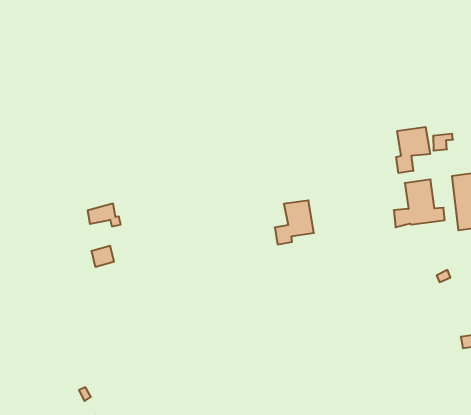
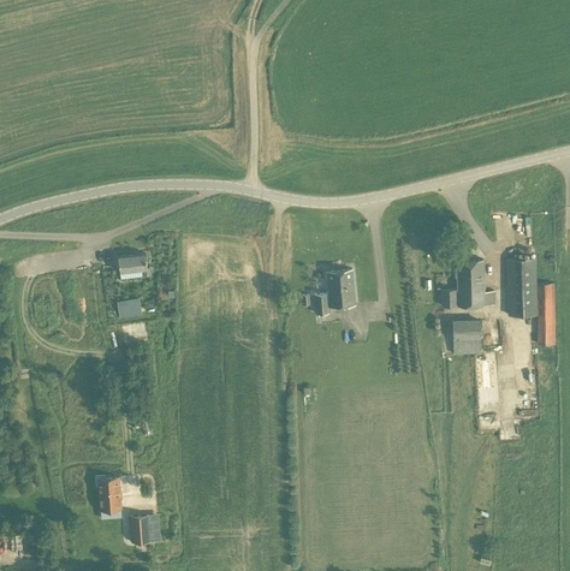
building: [396,127,430,173] -> none
building: none -> [453,320,482,356]

